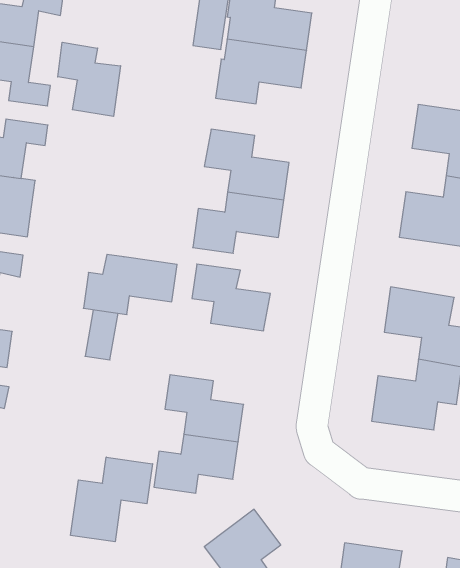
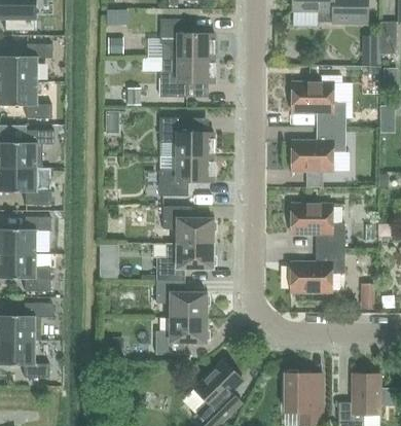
building: [58,42,121,116] -> none
building: [83,254,177,315] -> [155,244,212,281]
building: [71,457,153,542] -> none

